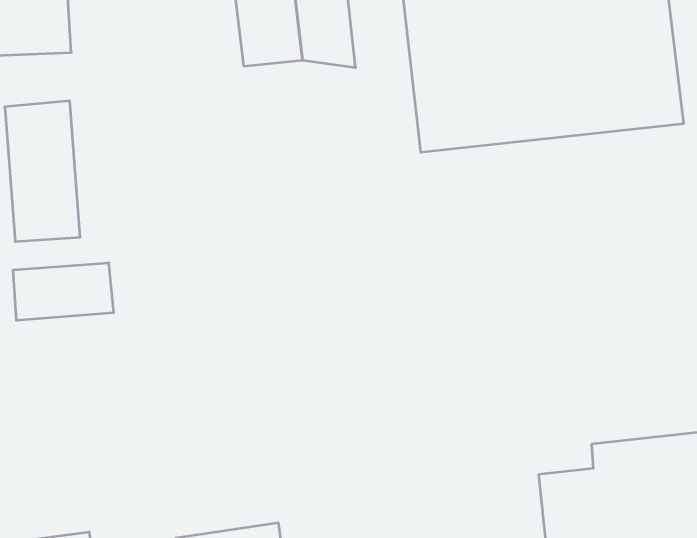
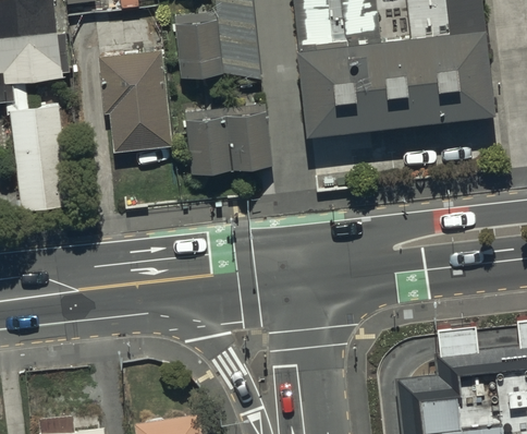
building: none -> [105,49,167,146]
building: none -> [185,105,273,178]
building: [13,263,114,320] -> none

